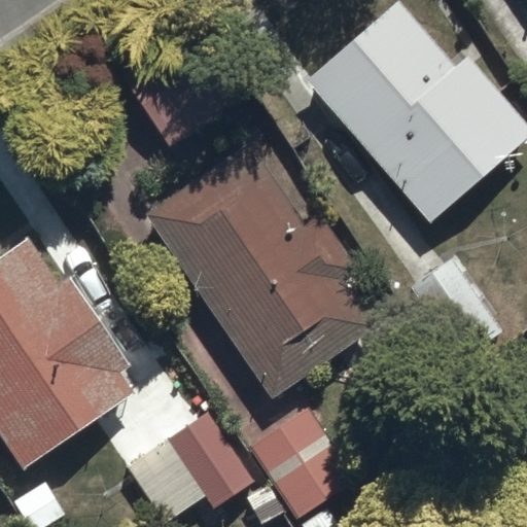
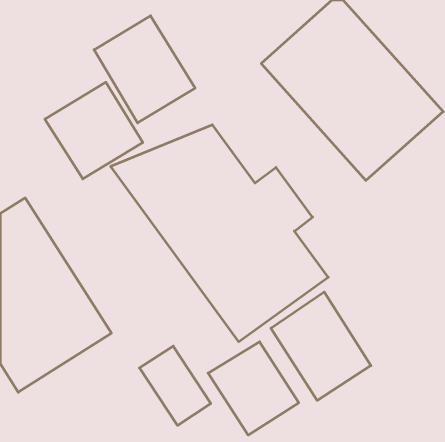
building: none -> [45,82,143,179]
building: none -> [271,292,371,400]

